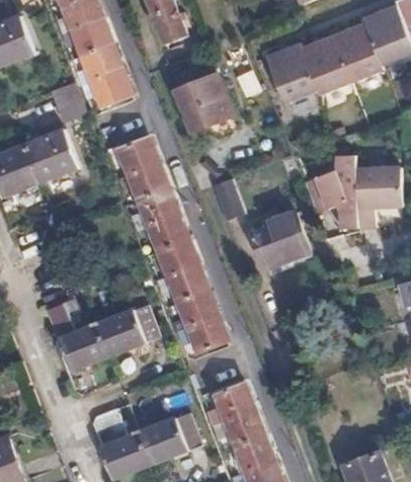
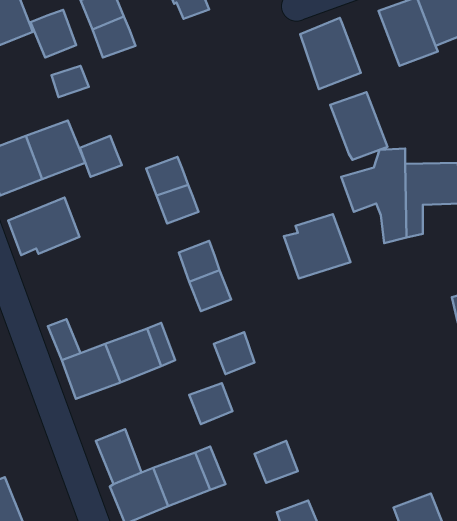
building: none -> [30,10,76,57]
building: [301,34,350,93] -> [330,92,387,160]
building: [93,65,132,102] -> none
building: [175,72,234,130] -> none
building: [121,136,158,171] -> [80,136,122,177]
building: [211,178,245,221] -> none
building: none -> [8,197,79,255]
building: [149,209,185,244] -> none
building: [178,285,216,323] -> none
building: [215,383,252,418] -> [189,383,232,424]
building: [235,433,271,469] -> none

